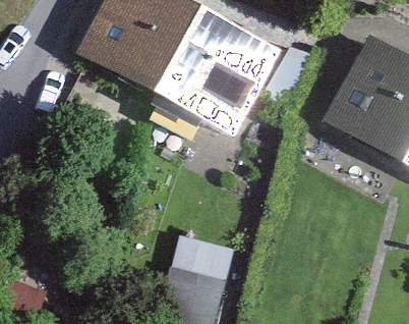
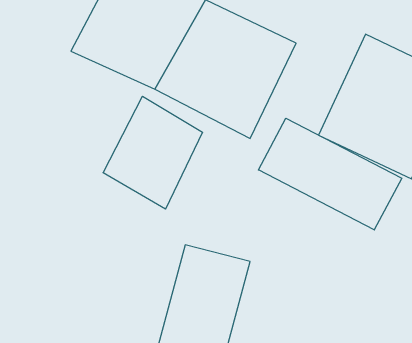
building: none -> [103,96,203,209]
building: none -> [258,118,402,230]

